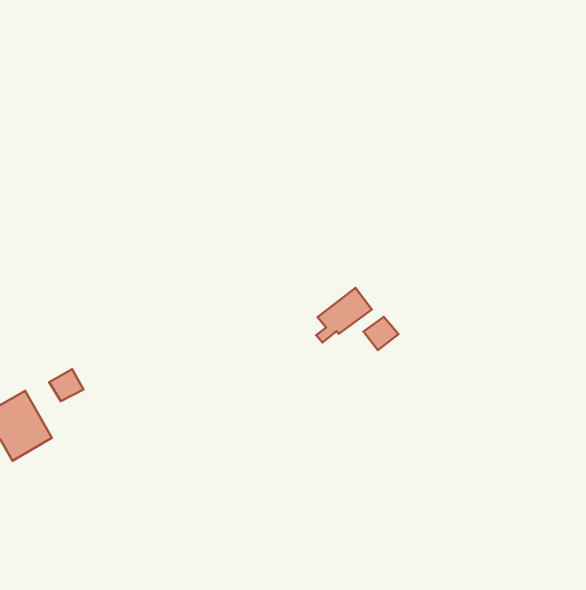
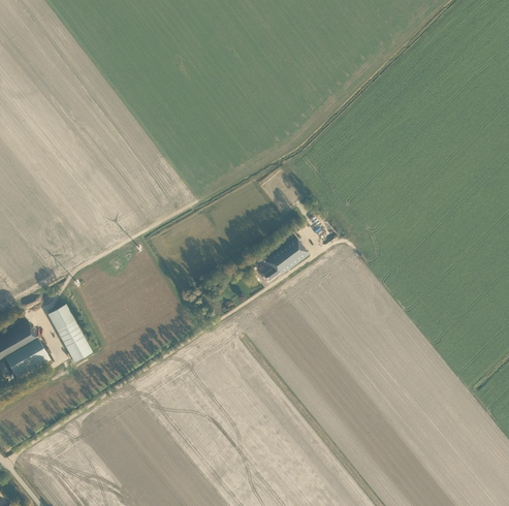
building: [364,317,399,350] -> none
building: none -> [56,320,92,362]

